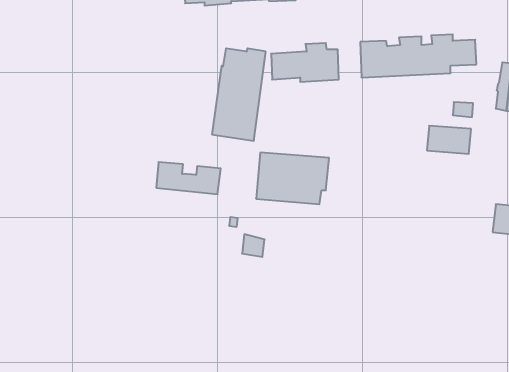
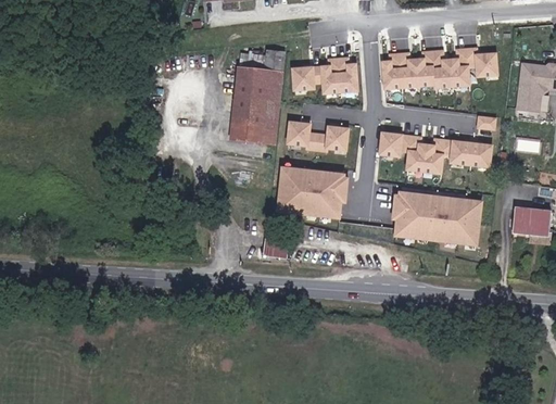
building: none -> [377,128,445,173]
building: [156,162,221,194] -> [285,117,350,150]
building: none -> [389,188,482,243]

